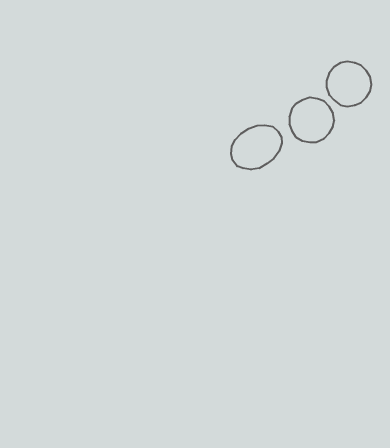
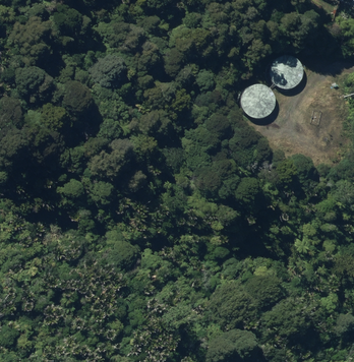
building: [231,125,282,170] -> none

